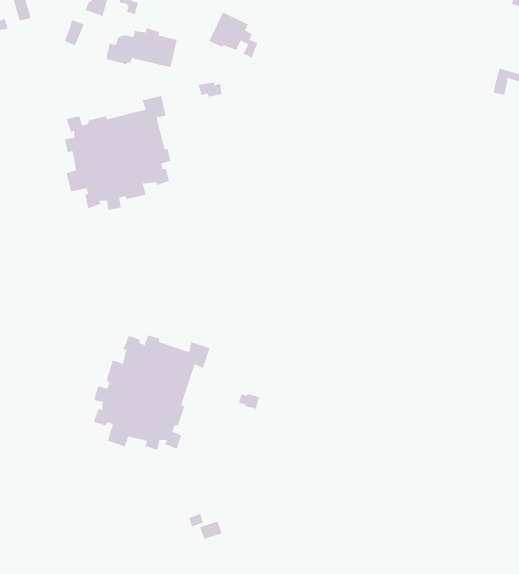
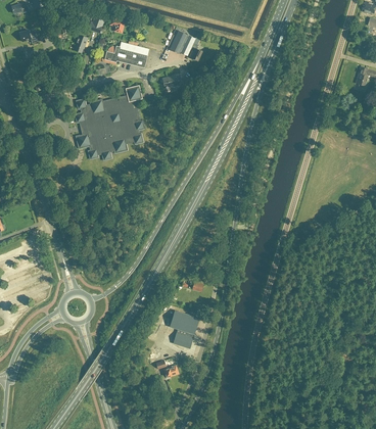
building: [93,334,210,450] -> none
building: none -> [170,309,199,347]

